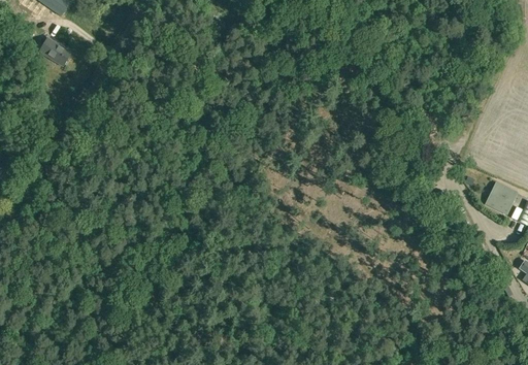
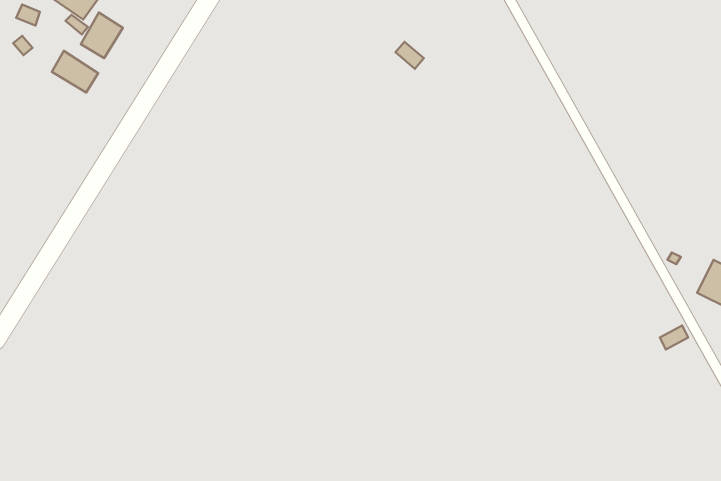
building: none -> [81,12,123,58]

